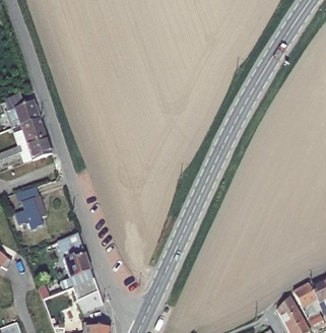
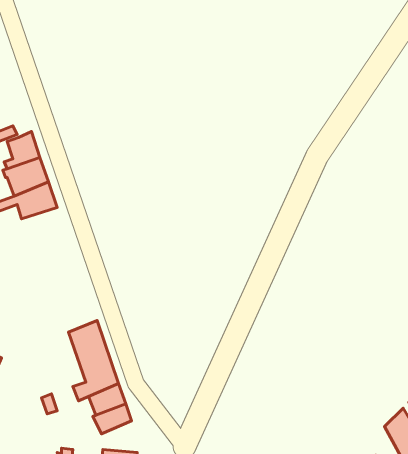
building: [14,187,46,229] -> none

